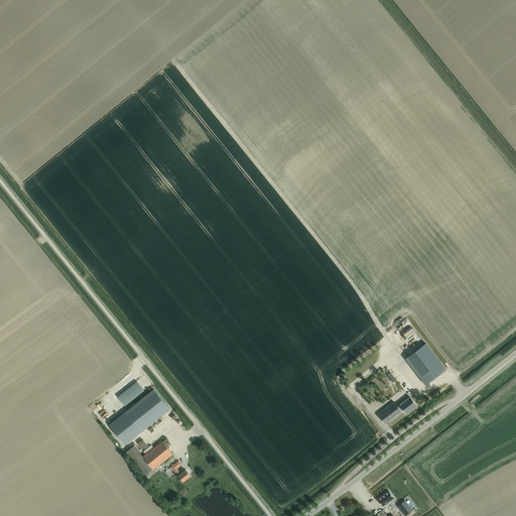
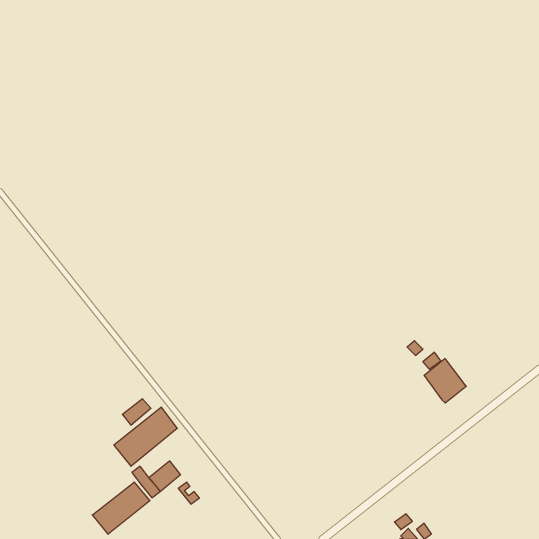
building: [378,397,416,423] -> none
building: none -> [92,482,150,534]

